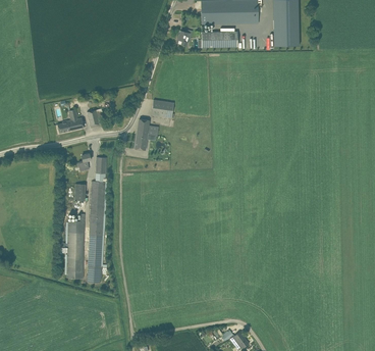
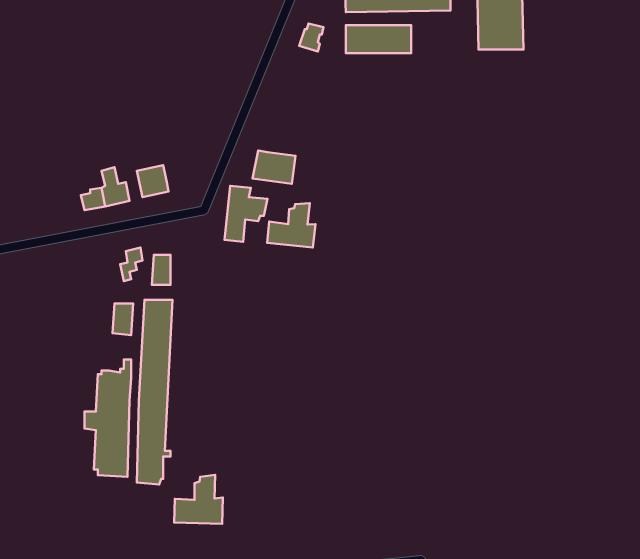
building: none -> [267,203,316,247]
building: none -> [174,475,223,524]

